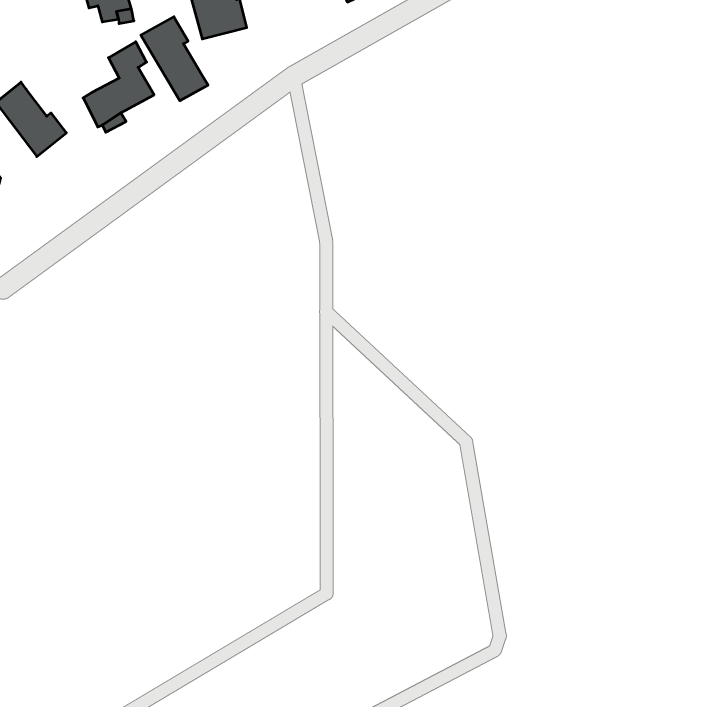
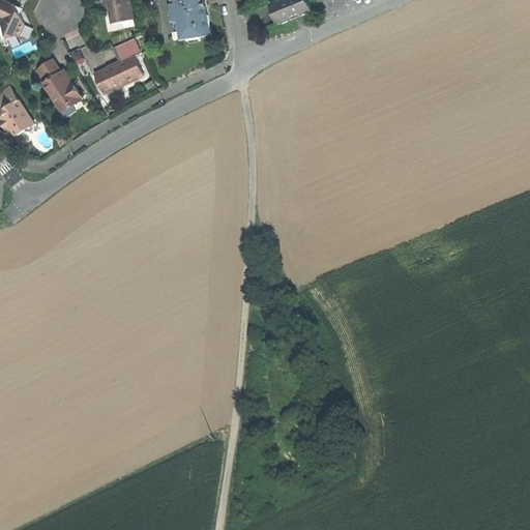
building: [141,17,208,101] -> none

